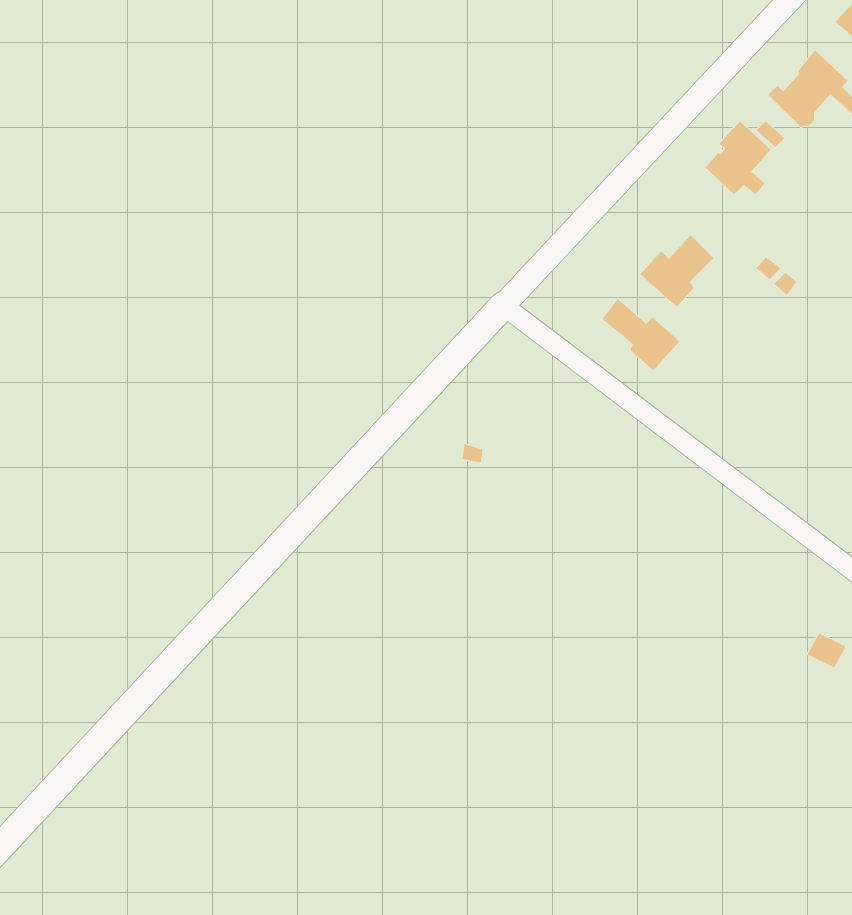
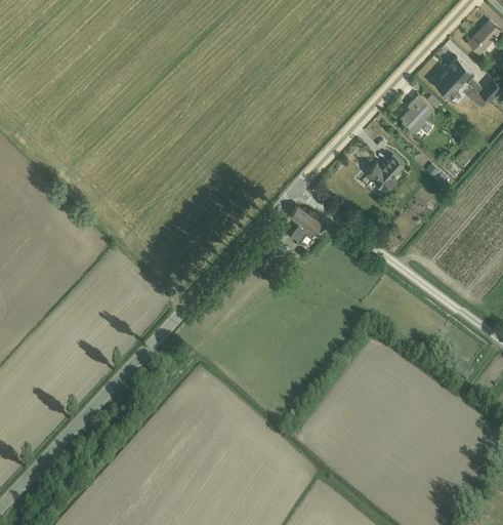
building: [602,298,680,371] -> none
building: none -> [288,205,321,243]

